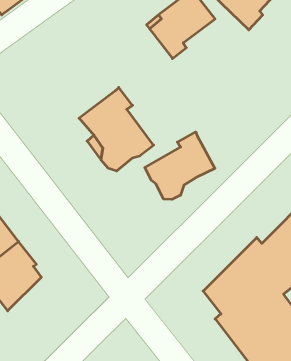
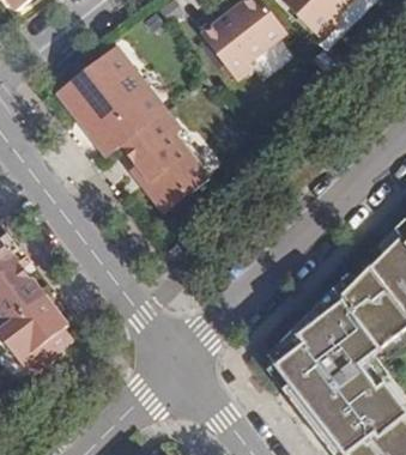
building: none -> [57,47,163,157]
building: [145,132,215,199] -> none

